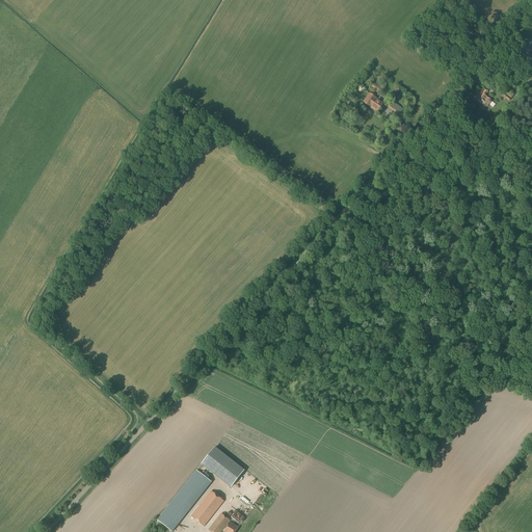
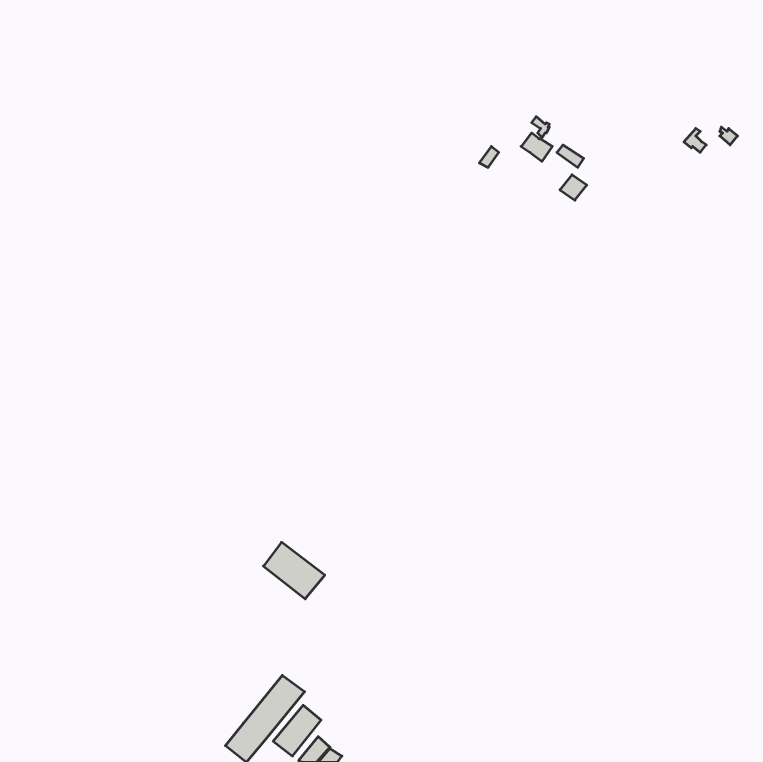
building: [202,447,244,486] -> [263,542,325,599]

